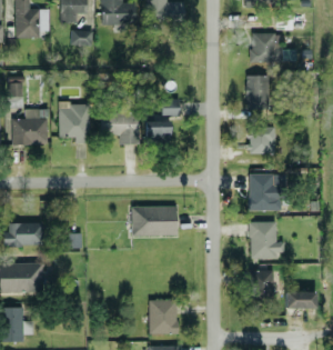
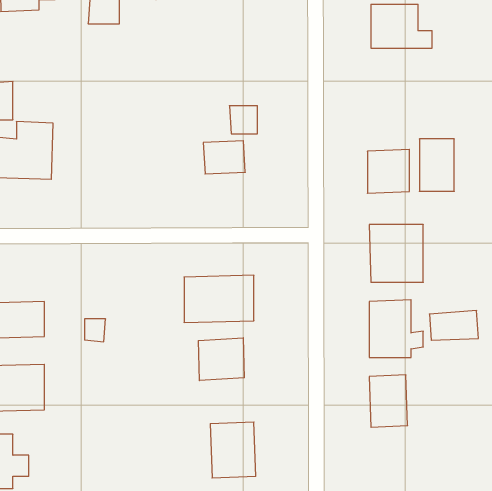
building: [246,76,269,109] -> [419,139,454,191]
building: [59,102,90,143] -> none
building: [100,104,140,144] -> none
building: none -> [198,338,244,381]
building: [285,290,316,309] -> [429,311,478,340]

